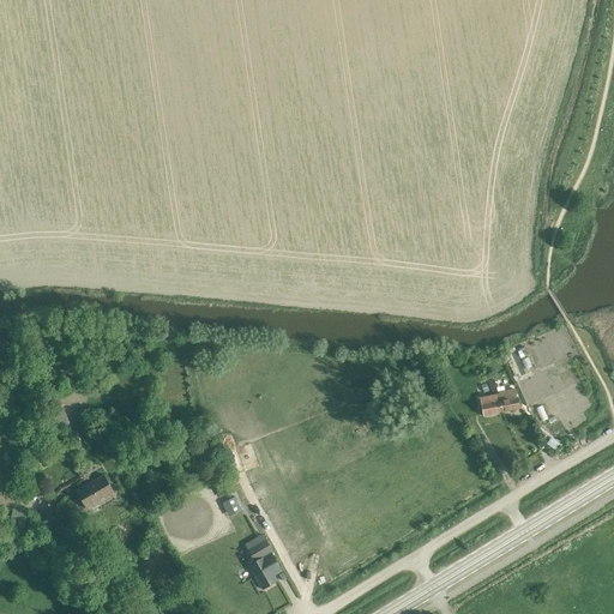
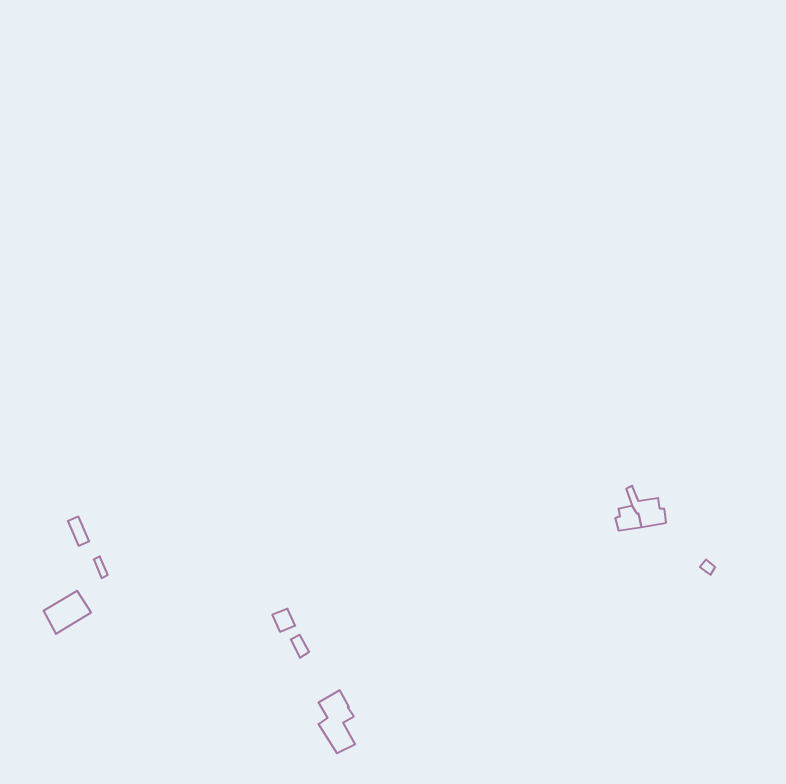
building: [77,475,114,508] -> [43,591,91,634]

